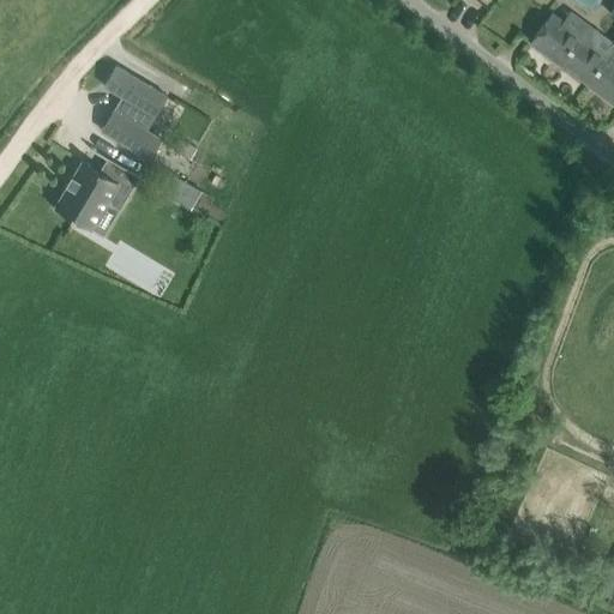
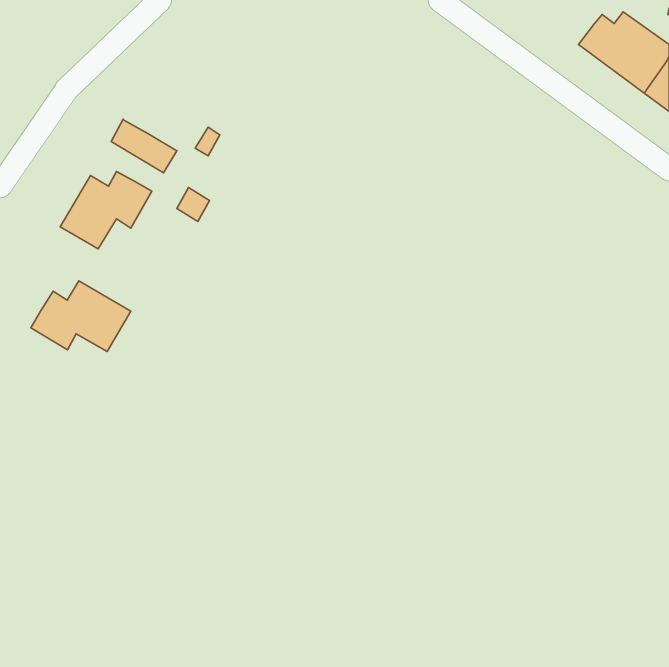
building: [104,68,167,125] -> none
building: none -> [31,281,131,352]

